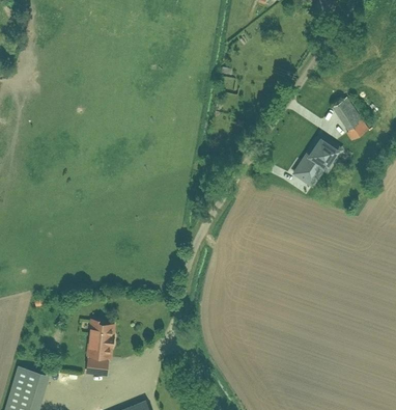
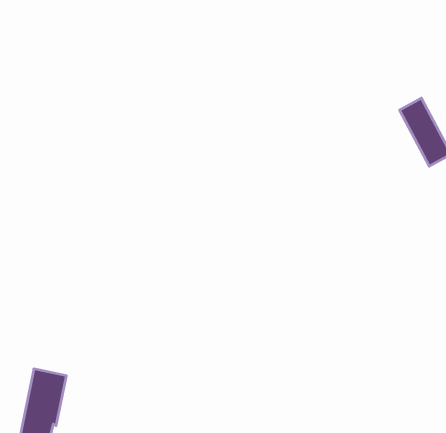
building: [292,136,340,187] -> none

